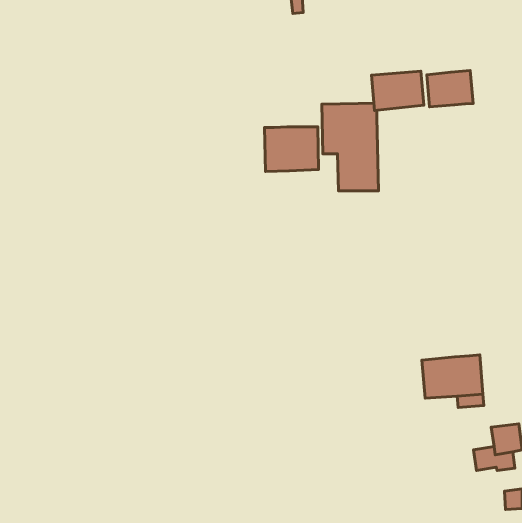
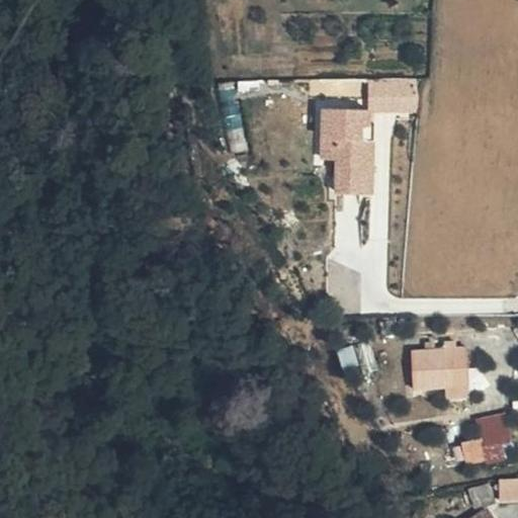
building: [427,71,473,107] -> none
building: [264,127,319,171] -> none

